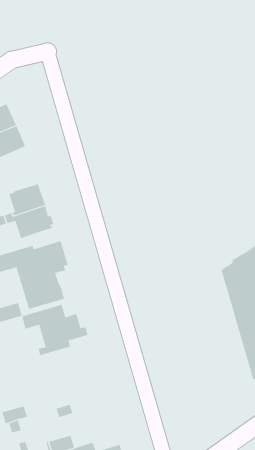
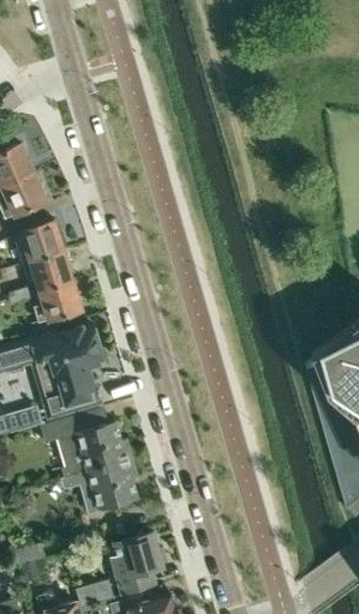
building: none -> [19,222,67,261]
building: none -> [64,451,137,510]
building: none -> [113,534,166,596]

